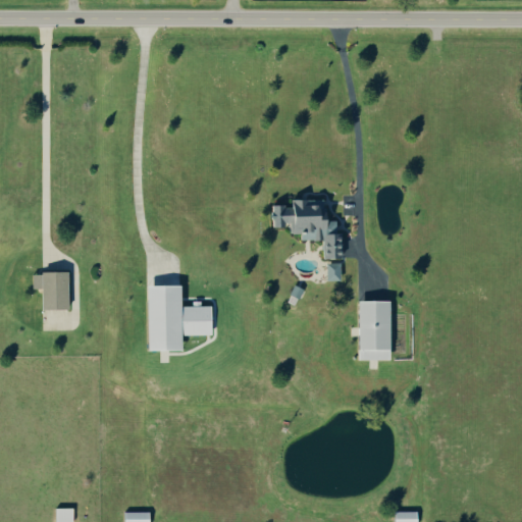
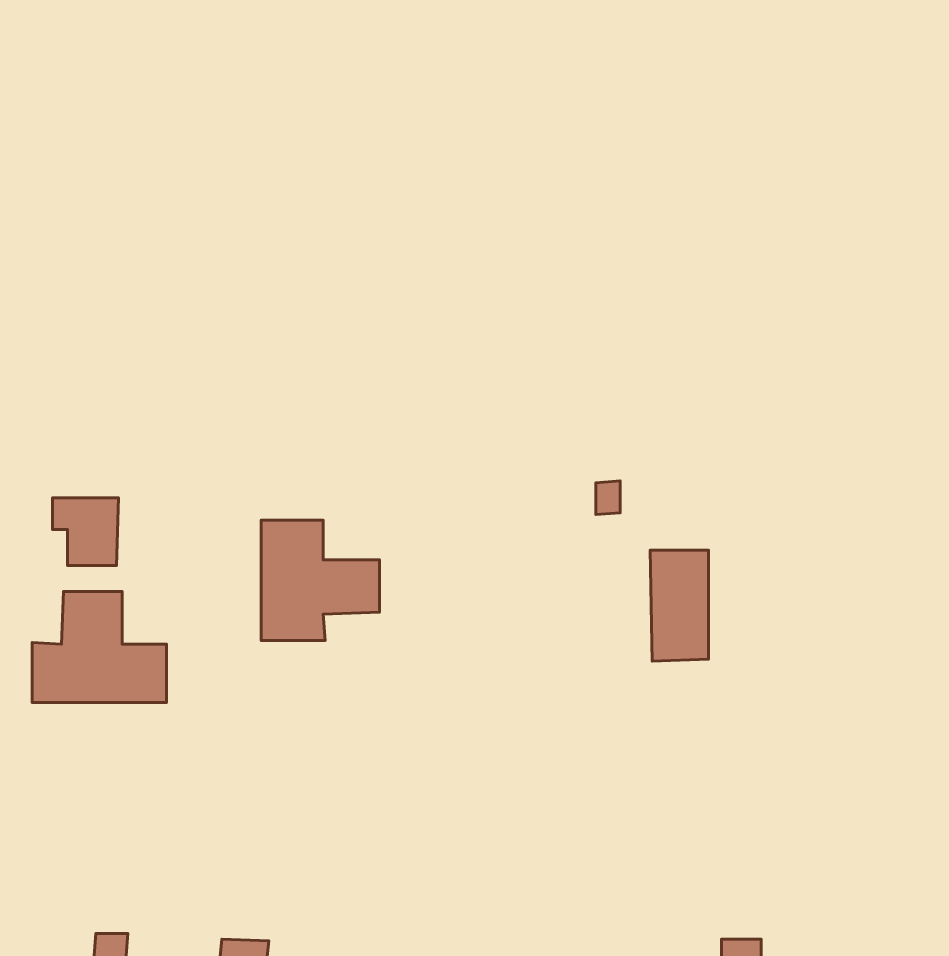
building: [274,200,345,258] -> none
building: none -> [32,591,166,702]

